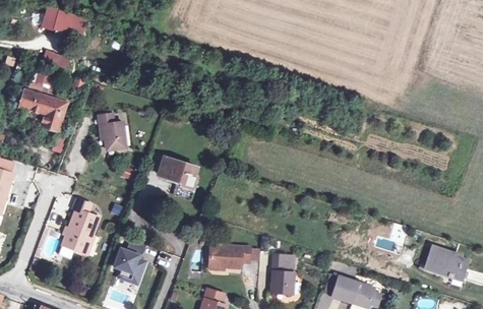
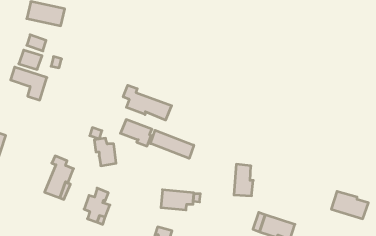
building: none -> [123,85,172,120]
building: [99,118,126,152] -> [94,138,116,166]
building: none -> [150,130,194,158]
building: [270,254,295,294] -> [234,164,253,196]

